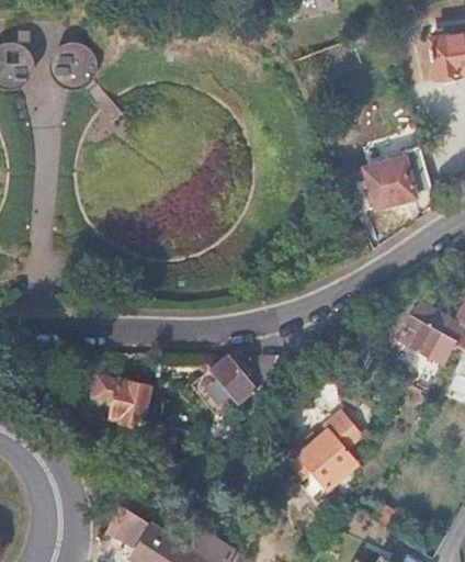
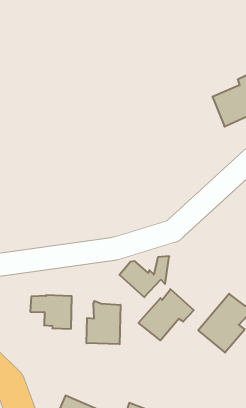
building: none -> [87,301,120,344]
building: none -> [139,289,194,340]

